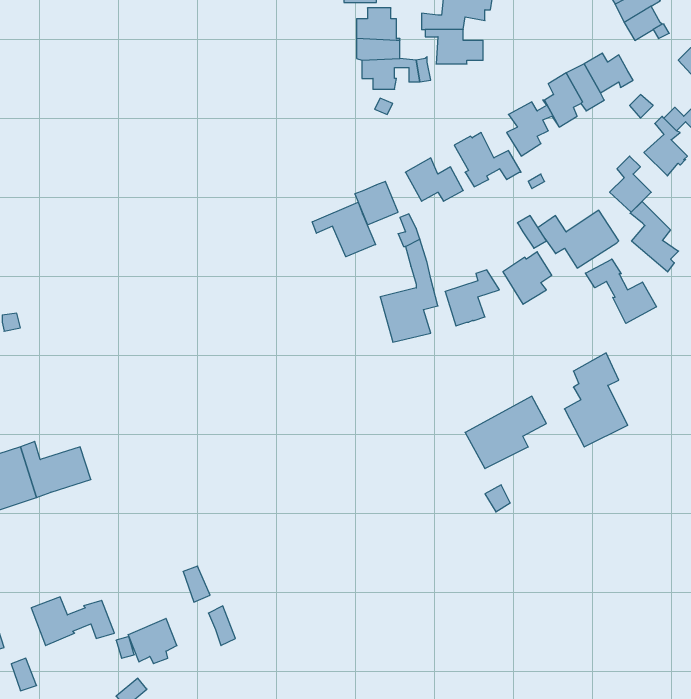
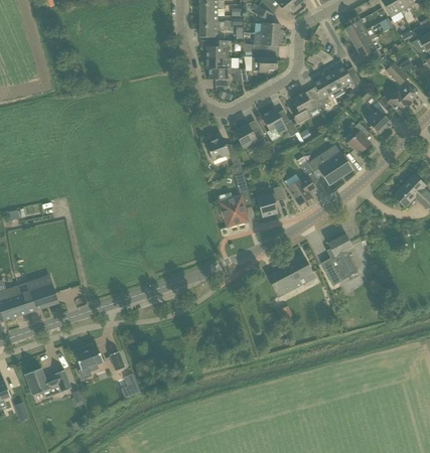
building: [630,201,679,272] -> none
building: [312,202,376,257] -> none
building: [585,259,656,323] -> none
building: [128,618,177,664] -> [76,346,103,371]

